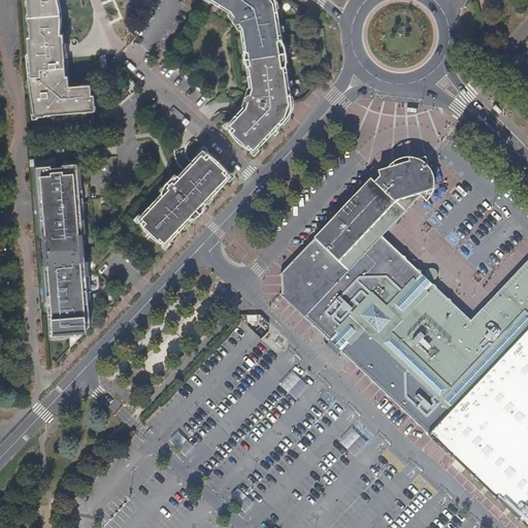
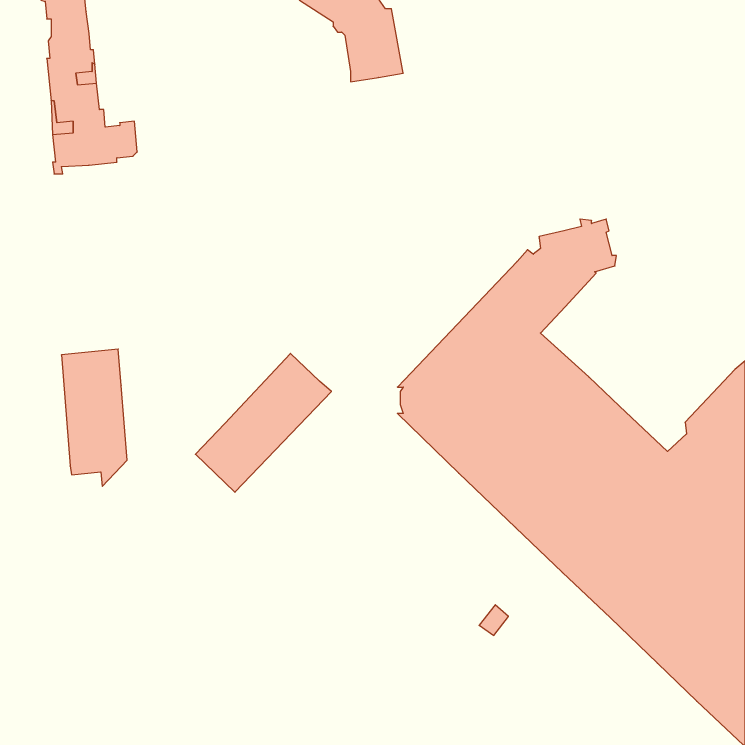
building: [231,52,293,148] -> none
building: [137,146,233,244] -> [195,353,331,492]
building: [36,163,84,251] -> none

